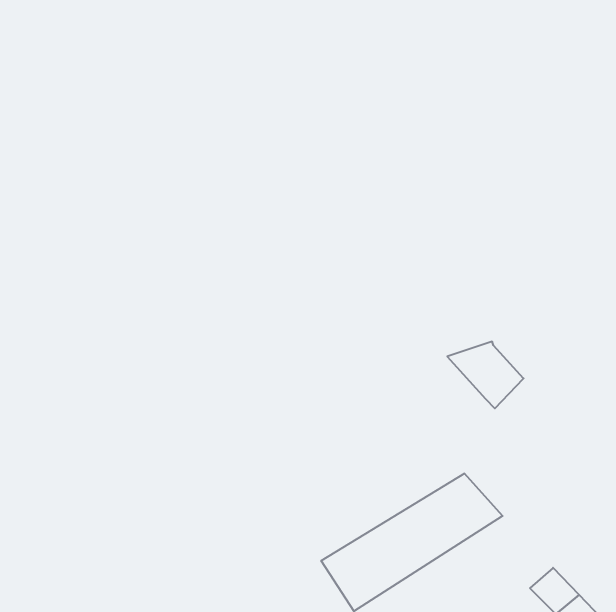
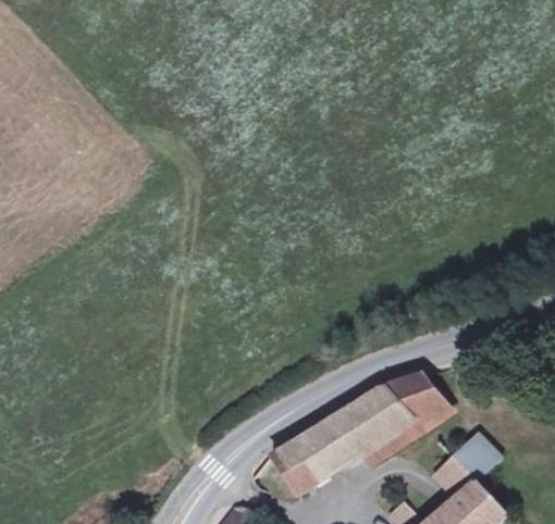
building: [447,342,524,408] -> [384,373,445,426]
building: none -> [452,433,501,482]

